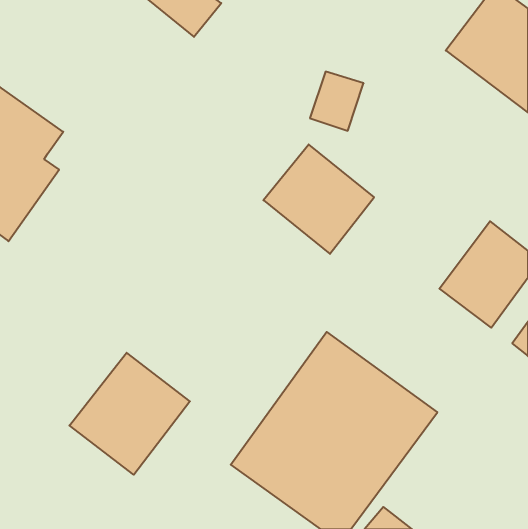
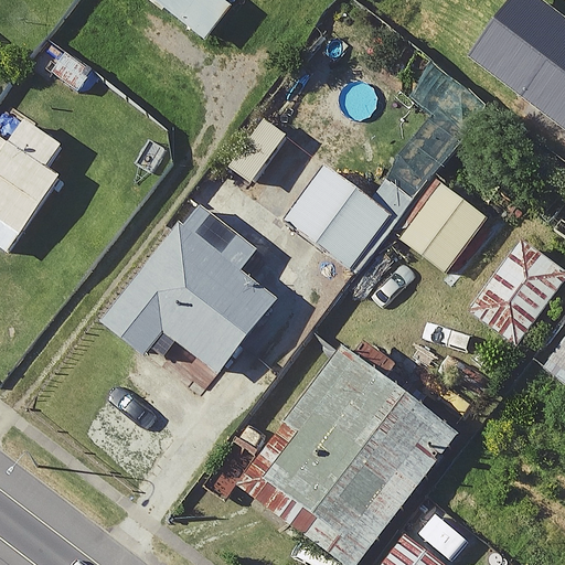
building: none -> [381,168,483,269]
building: none -> [104,223,276,373]
building: [69,353,190,475] -> none

